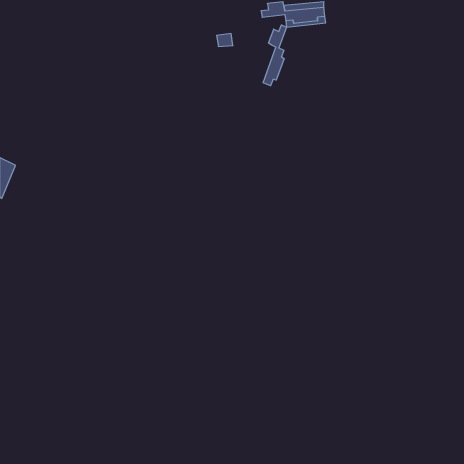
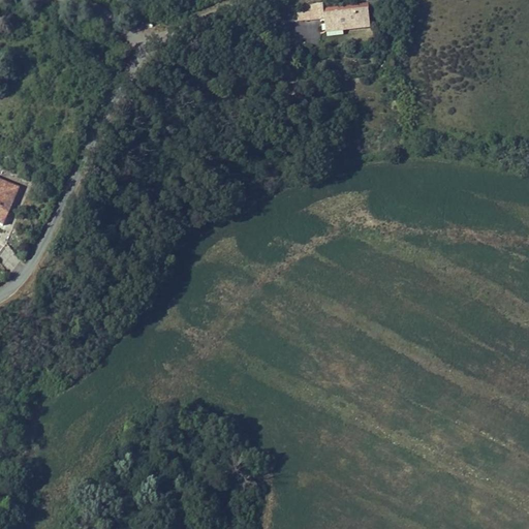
building: [263,25,287,86] -> none

